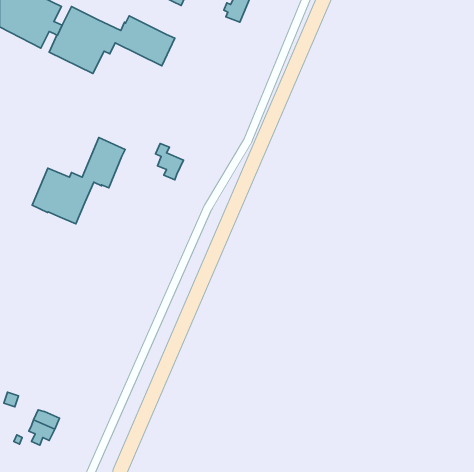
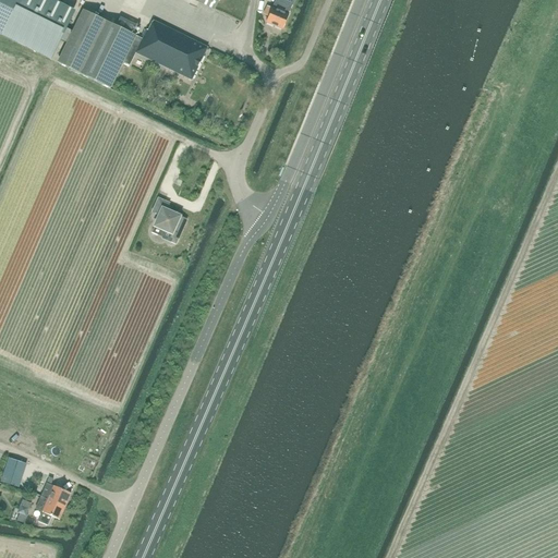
building: [32,138,125,224] -> none
building: [155,144,183,180] -> [151,197,184,240]

